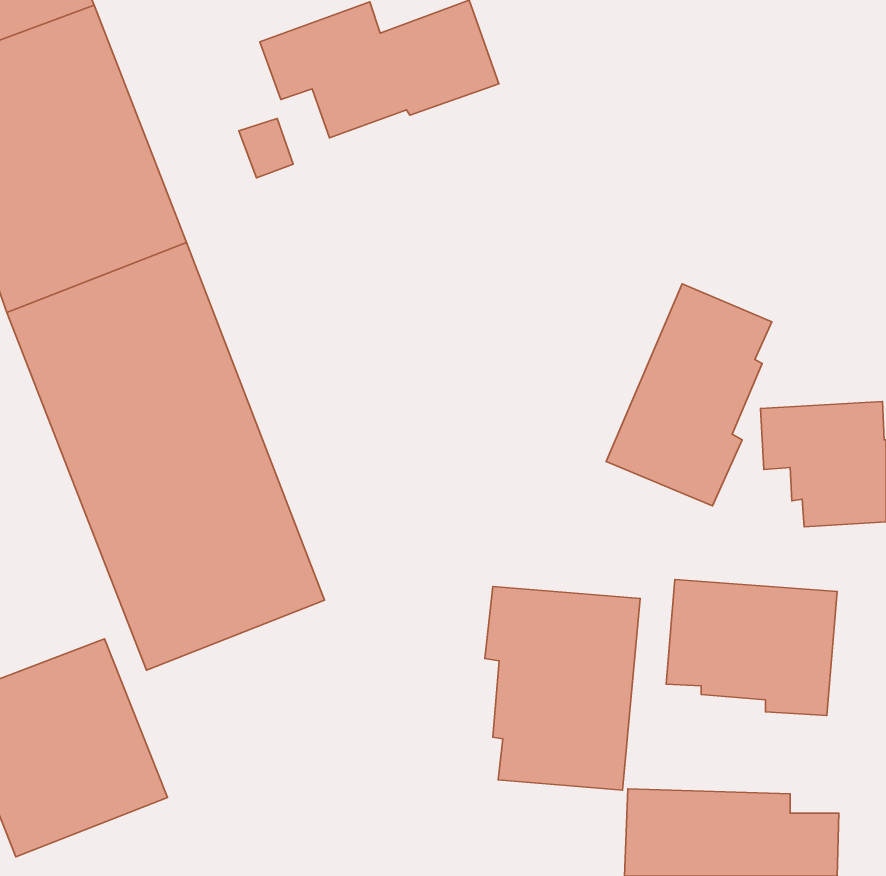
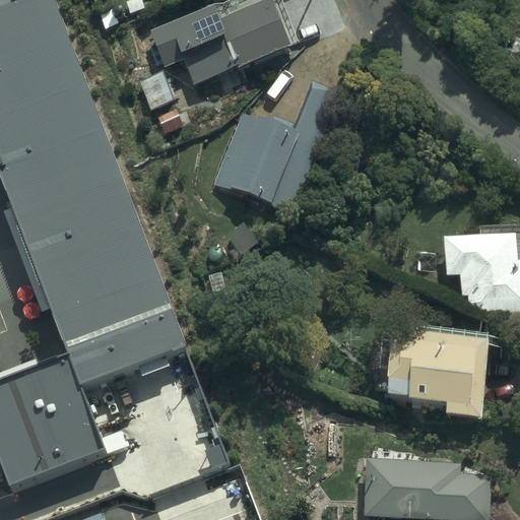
building: none -> [205,74,346,217]
building: [606,284,772,506] -> none
building: [485,586,640,790] -> none

